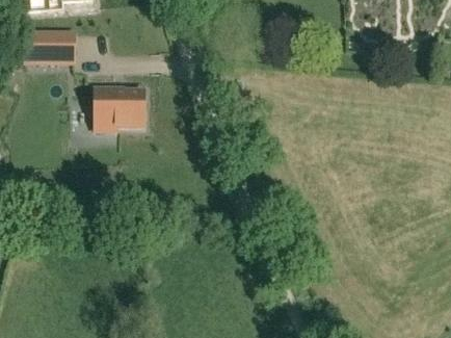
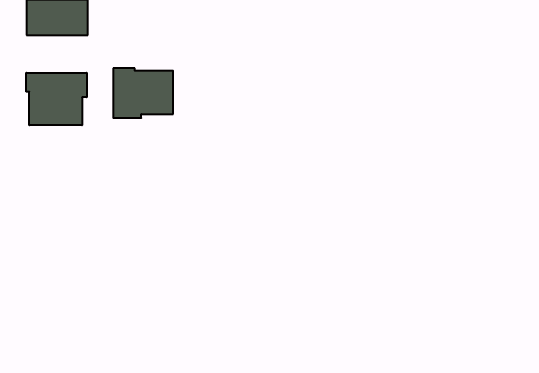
building: none -> [26,73,87,125]

